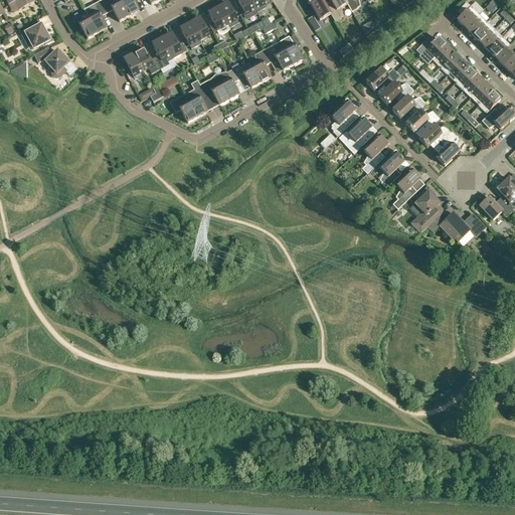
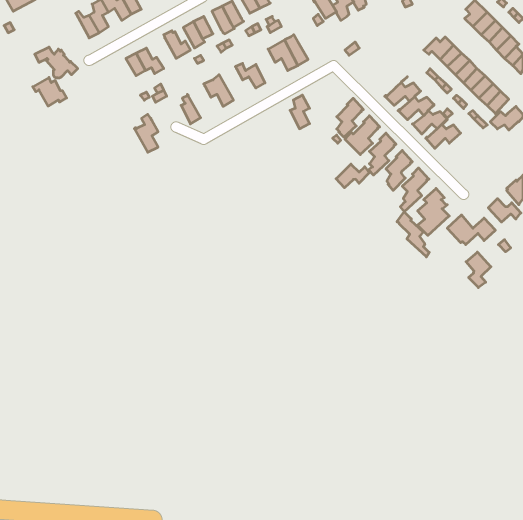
building: [19,19,52,47] -> [33,77,67,106]
building: [152,34,173,67] -> none
building: [251,48,271,81] -> [290,95,310,129]
building: [365,66,400,90] -> none
building: [215,67,239,99] -> none
building: [184,78,207,116] -> [134,114,158,152]
building: [436,131,459,164] -> none
building: none -> [336,164,369,188]
building: none -> [397,212,429,257]
building: none -> [466,252,491,288]

